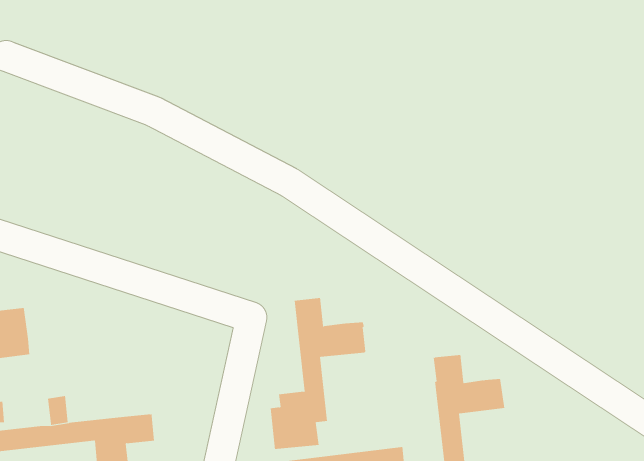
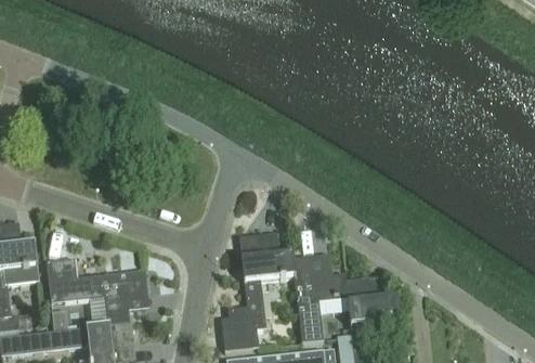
building: none -> [293,255,349,341]
building: none -> [47,258,147,325]

